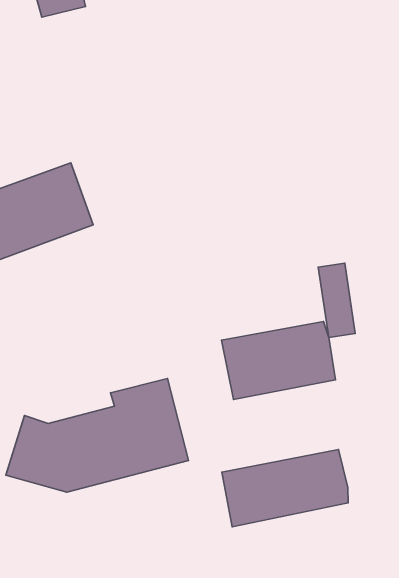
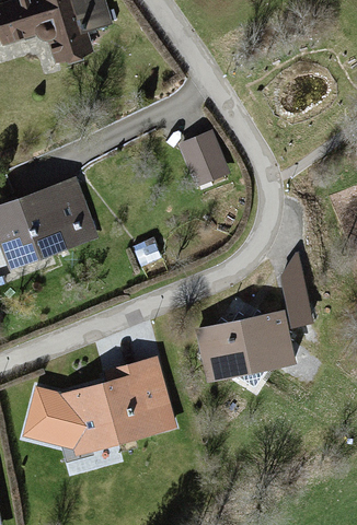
building: none -> [180,132,229,190]
building: [222,450,348,527] -> none

